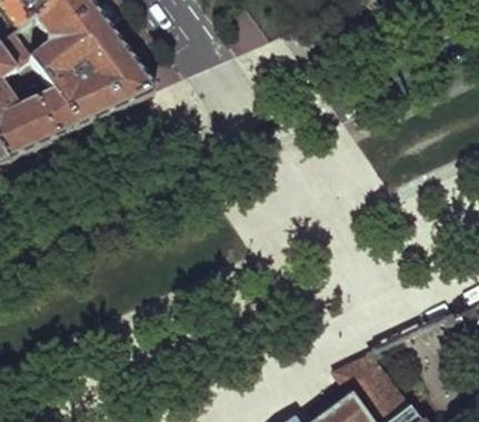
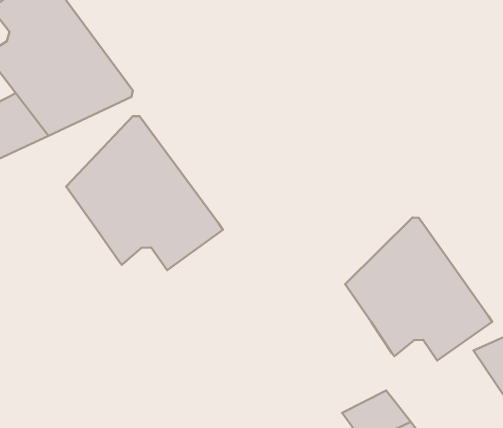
building: none -> [66,116,223,270]
building: none -> [345,218,492,361]

